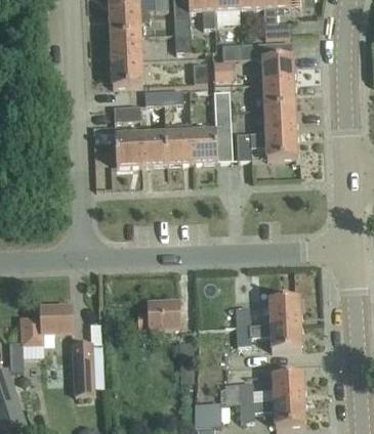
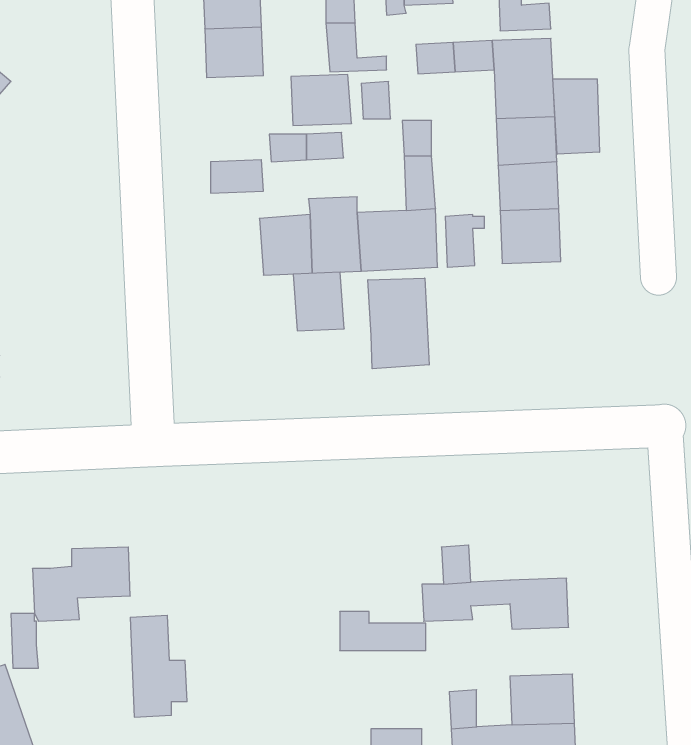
building: [111,60,142,87] -> [291,75,352,125]
building: none -> [553,79,599,154]
building: [114,135,140,166] -> [293,272,344,331]
building: none -> [368,278,429,369]
building: [268,298,299,324] -> none
building: [136,302,179,330] -> none

